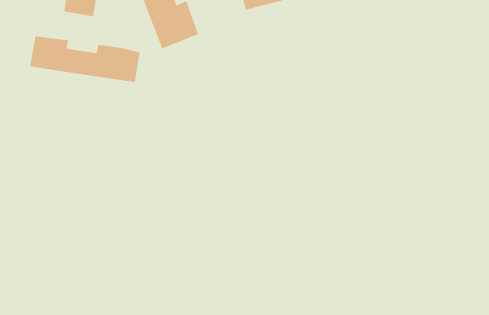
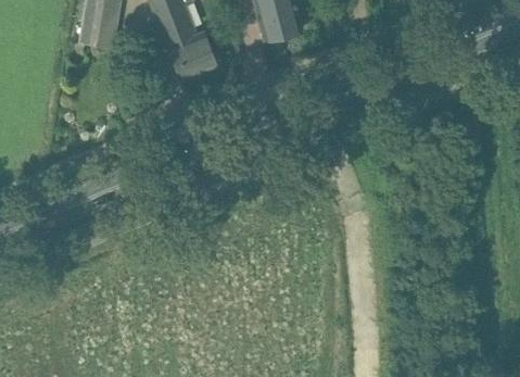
building: [29,35,140,83] -> none

